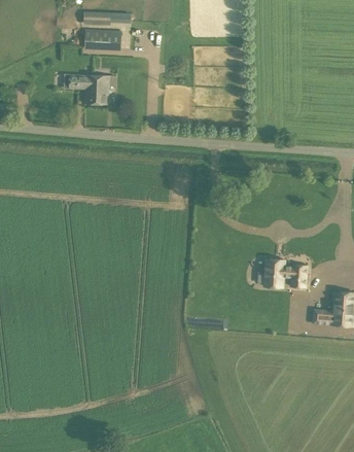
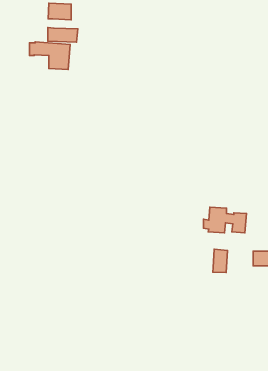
building: none -> [48,28,78,42]
building: none -> [213,249,227,273]

